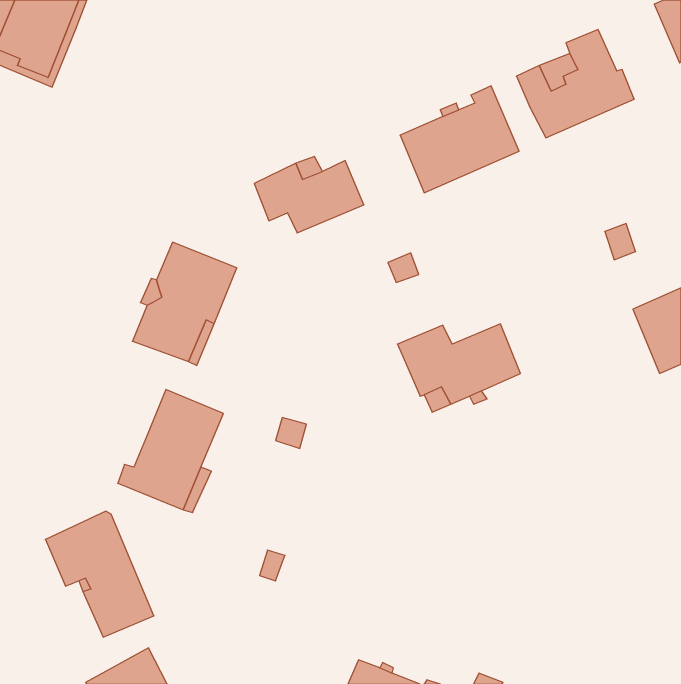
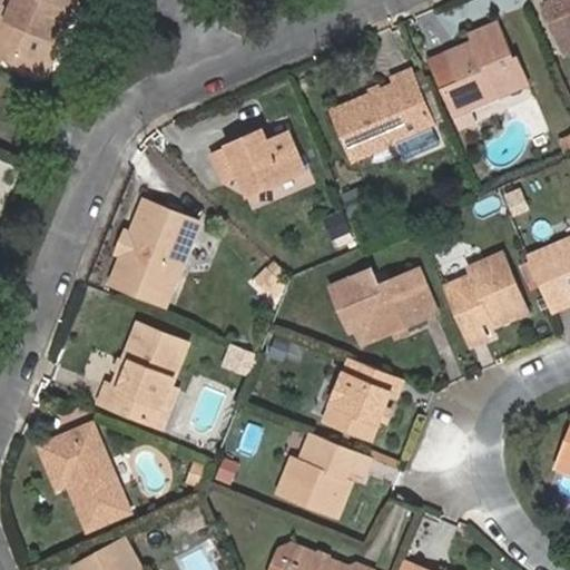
building: none -> [442,255,524,345]
building: none -> [325,357,400,436]
building: none -> [277,431,367,513]

